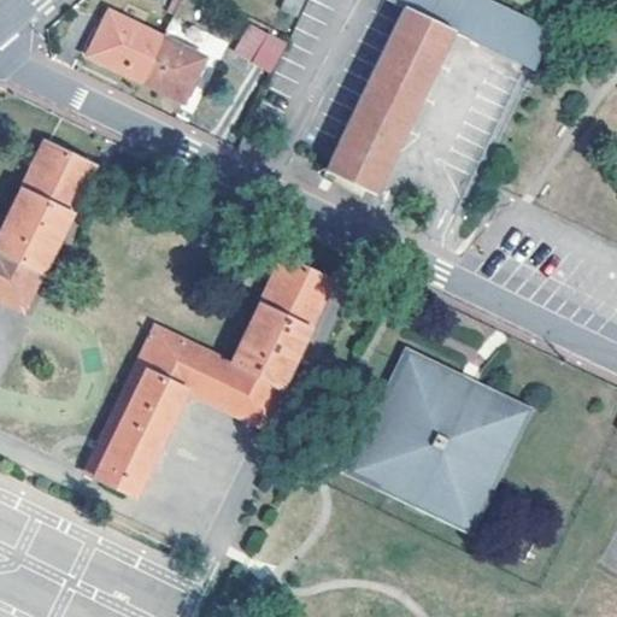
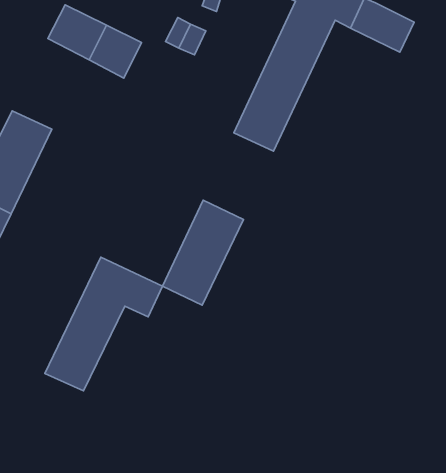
building: [346,347,534,534] -> none
building: [216,362,283,424] -> none

